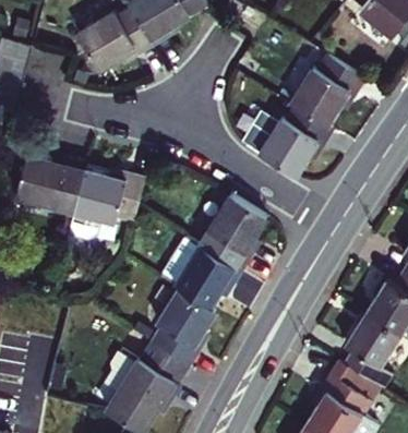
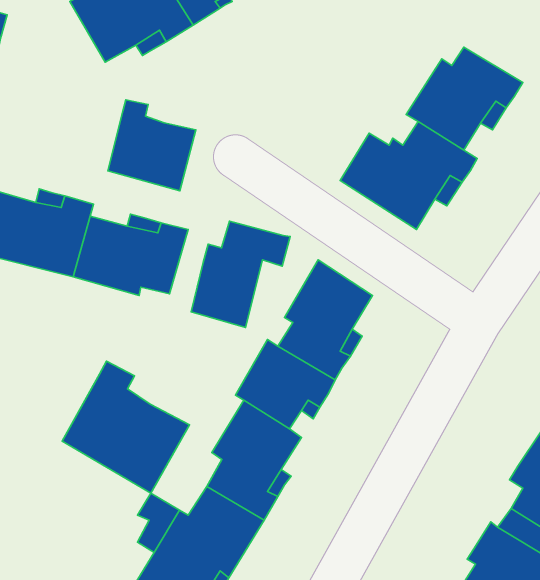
building: none -> [108,100,196,191]
building: none -> [191,221,290,328]
building: none -> [62,361,190,493]

